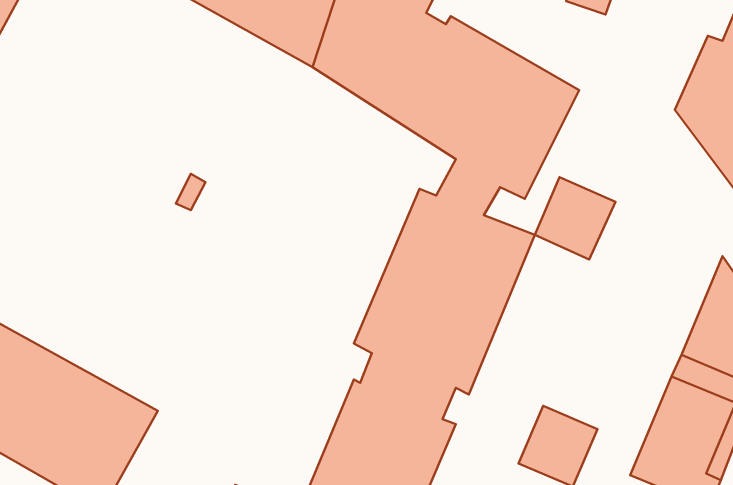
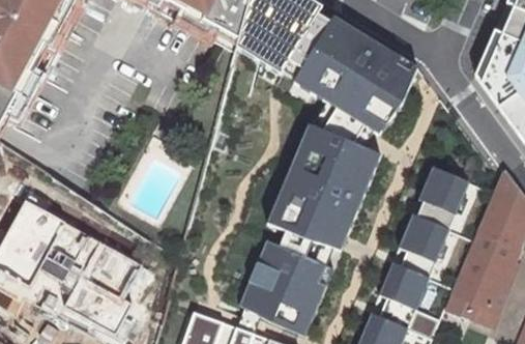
building: [535,177,616,260] -> [416,163,467,214]
building: none -> [395,214,444,265]

